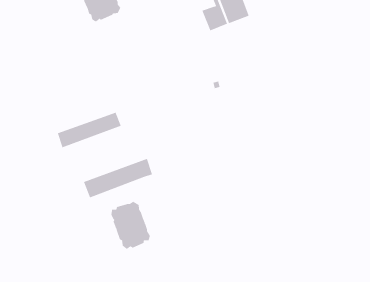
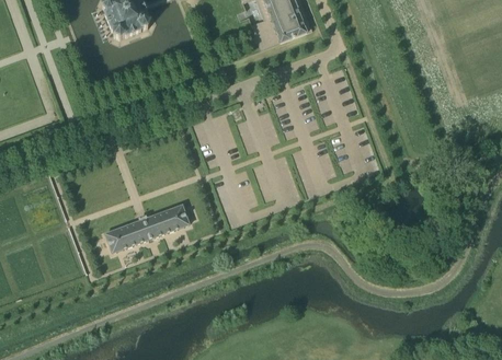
building: [57,112,122,148] -> none
building: [111,201,150,250] -> none

